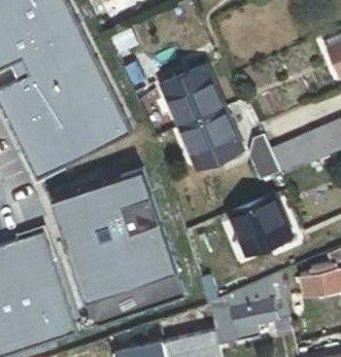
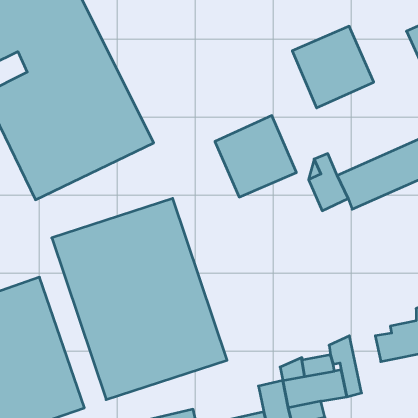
building: [158,65,219,127] -> [292,26,374,108]
building: [235,195,289,252] -> none

